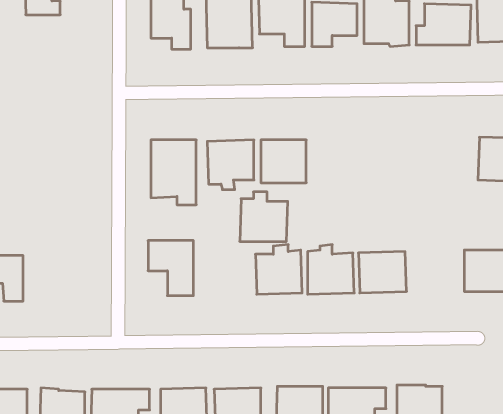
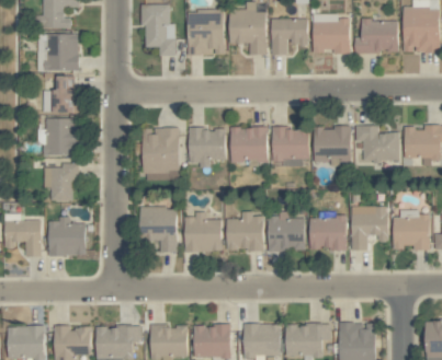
building: none -> [44,35,79,70]
building: none -> [43,76,77,113]
building: none -> [45,118,77,155]
building: none -> [355,126,399,162]
building: none -> [271,127,309,160]
building: none -> [314,127,351,161]
building: none -> [43,163,78,200]
building: [240,192,288,241] -> [183,212,222,252]
building: none -> [350,206,388,249]
building: none -> [47,217,86,256]

